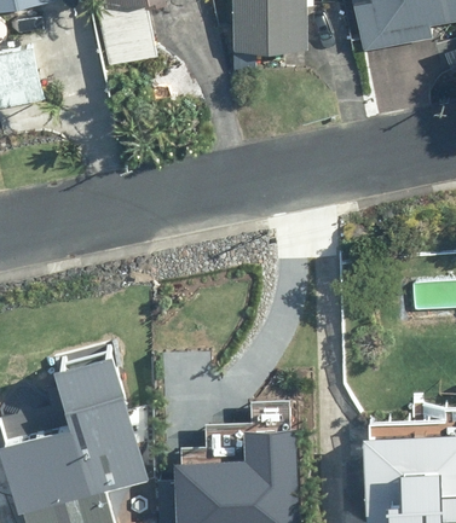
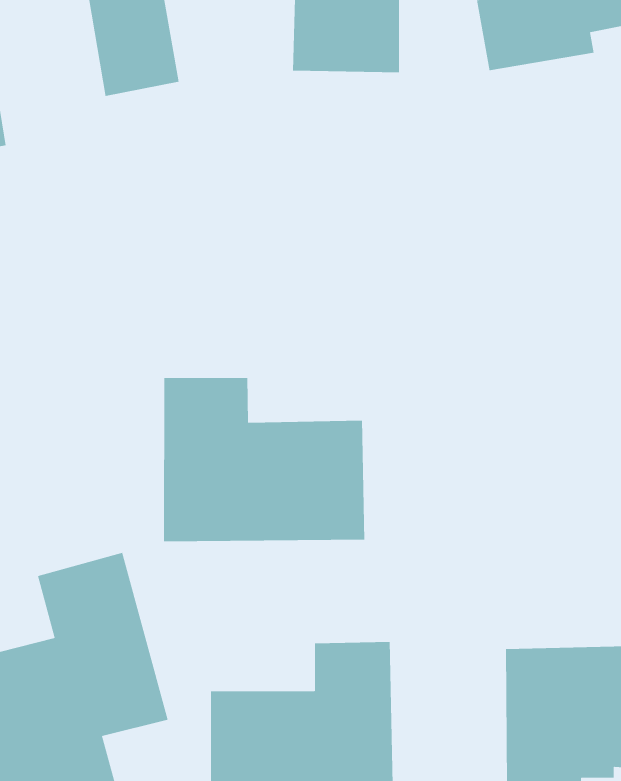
building: none -> [163,377,365,542]

